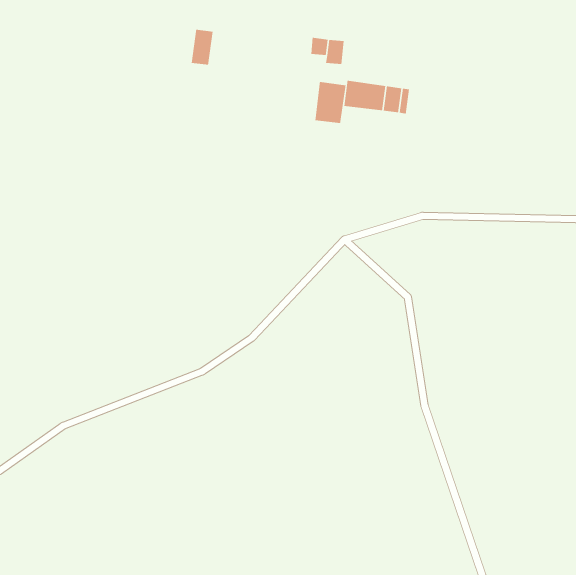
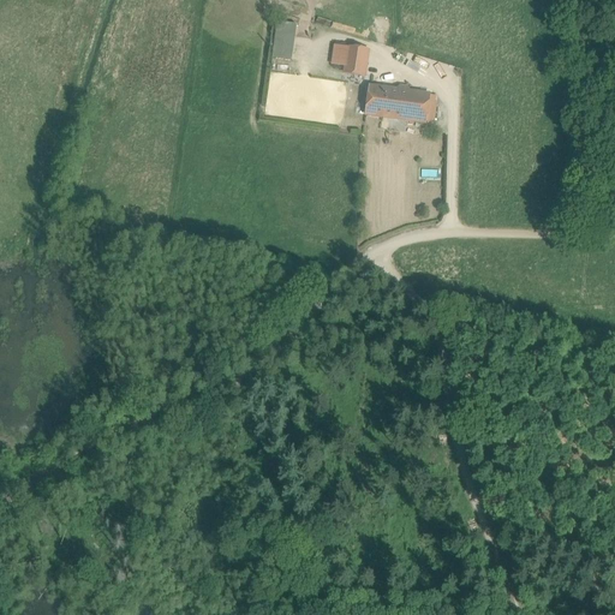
building: [191,29,214,65] -> [271,20,295,59]
building: [315,81,346,124] -> none

